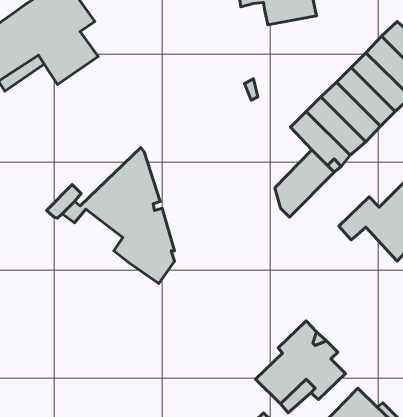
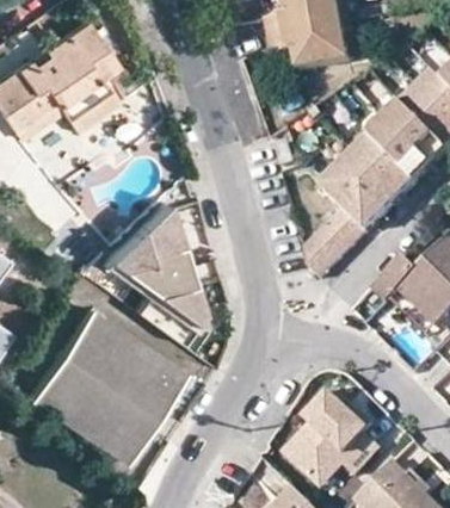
building: none -> [30,312,183,464]

